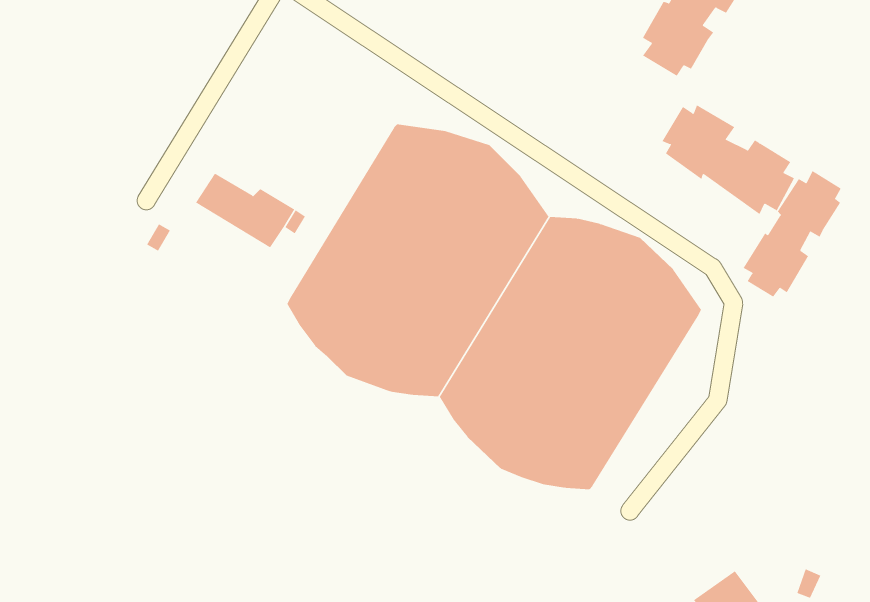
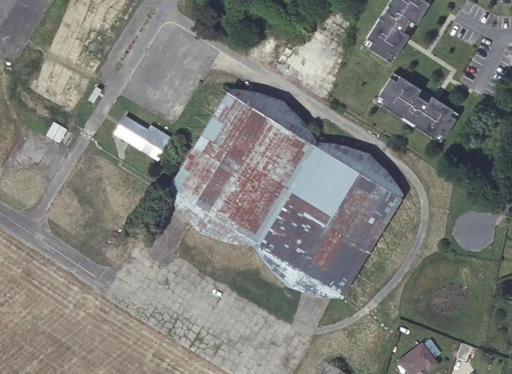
building: [743,170,842,298] -> none

